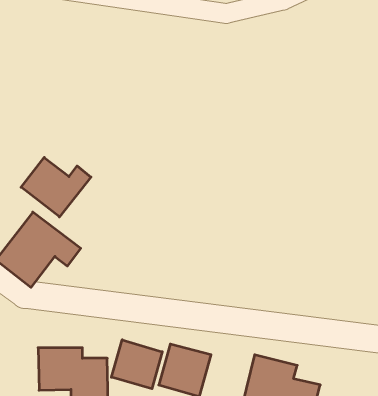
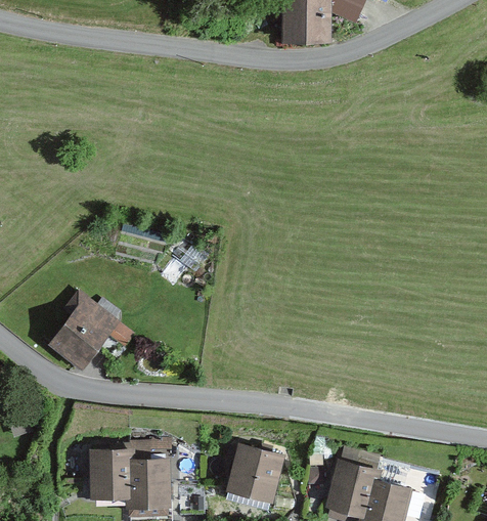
building: [21,157,91,217] -> none
building: [111,340,162,389] -> none

